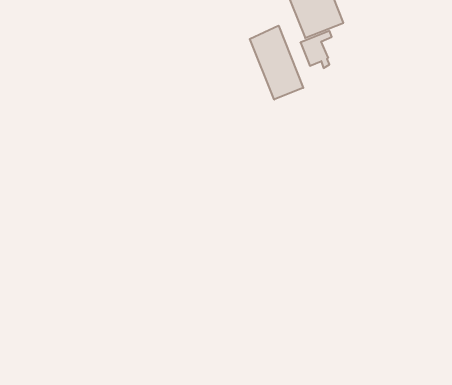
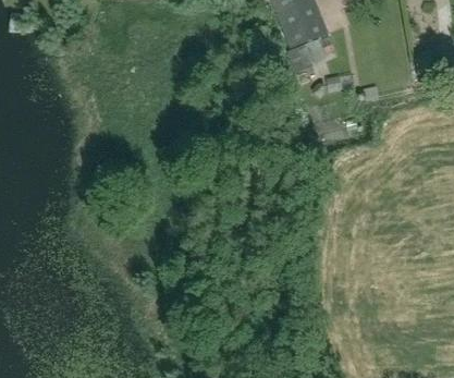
building: [250,26,303,100] -> none

